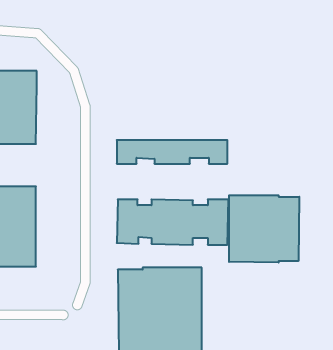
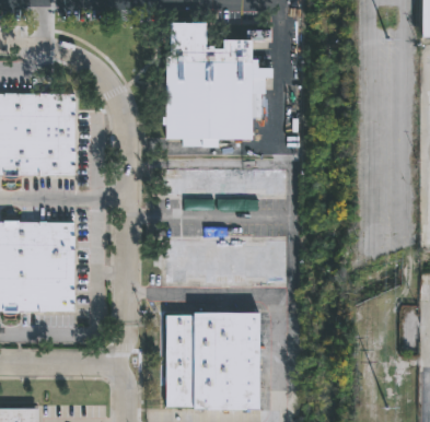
building: none -> [164,23,270,148]
building: [229,195,299,263] -> none

